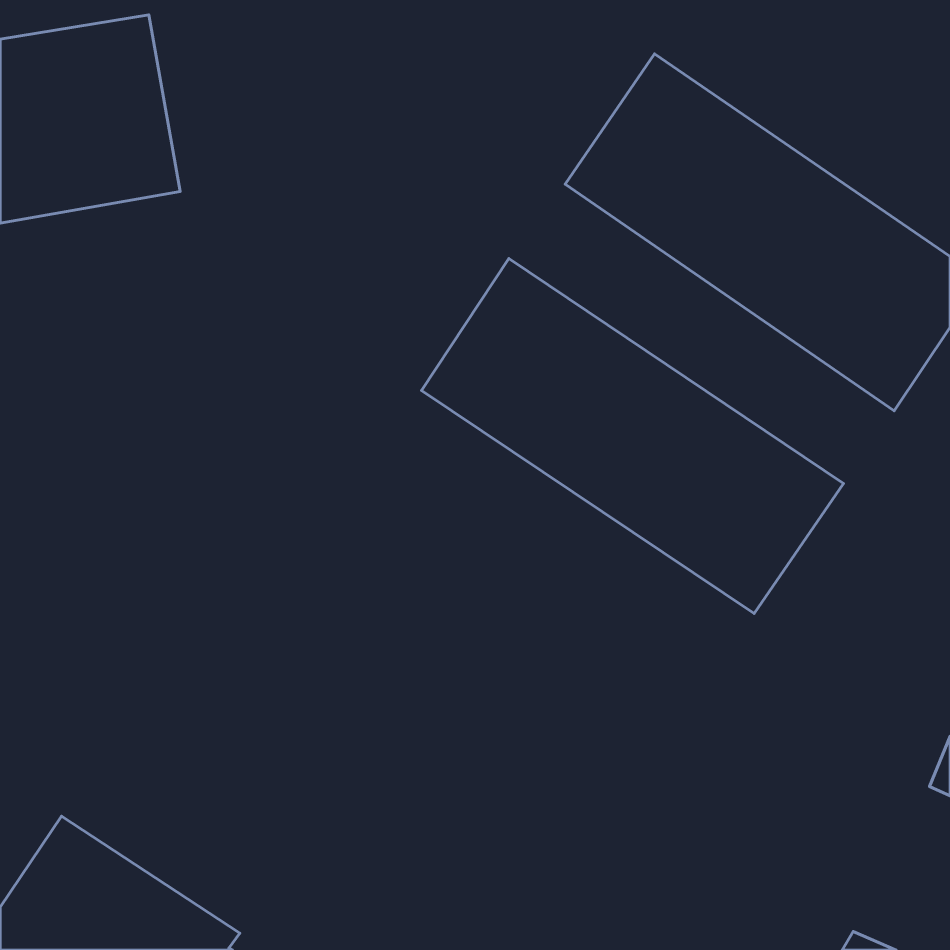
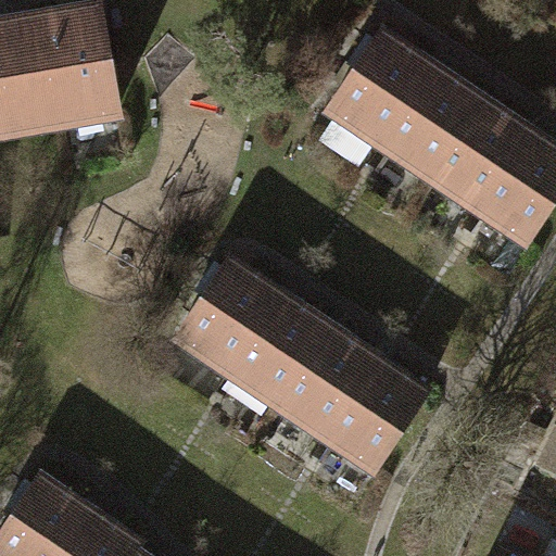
building: [421,259,843,614] -> [178,258,425,466]

